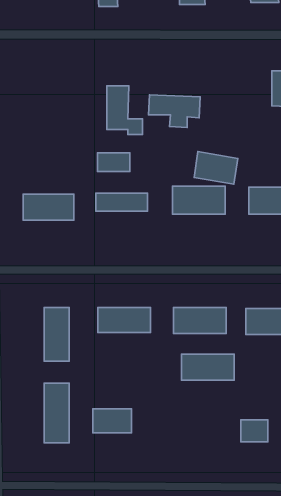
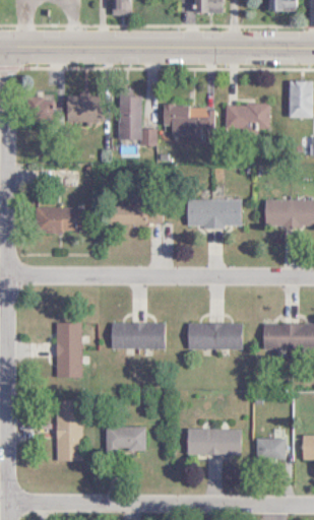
building: none -> [67,93,101,121]
building: none -> [28,96,57,121]
building: [194,152,238,184] -> [226,100,270,133]
building: [97,153,130,171] -> none
building: [182,354,234,380] -> [187,429,241,455]

